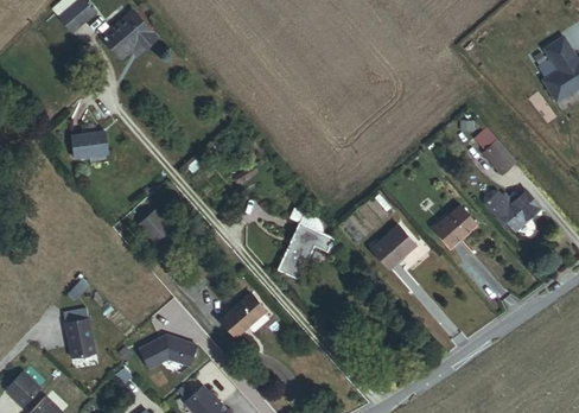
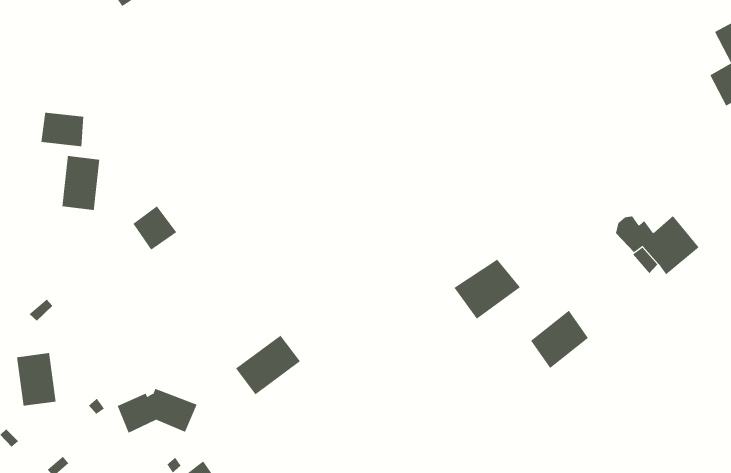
building: [478,140,515,178] -> none
building: none -> [62,155,100,211]
building: [435,206,477,249] -> [530,310,589,369]
building: [278,222,333,280] -> none

